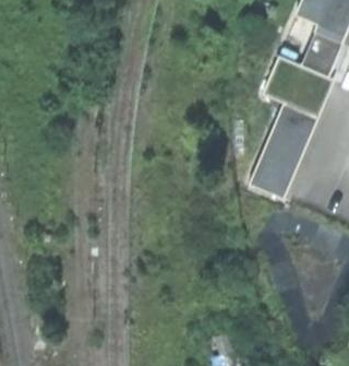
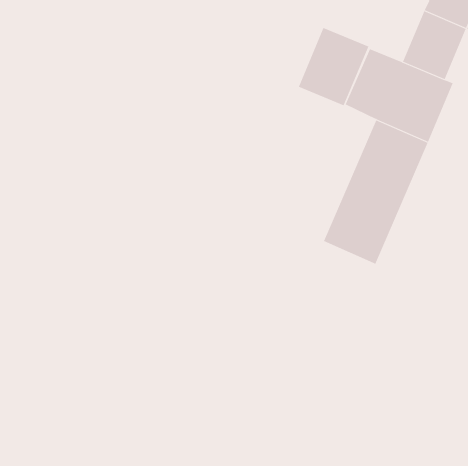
building: none -> [298,27,369,106]

